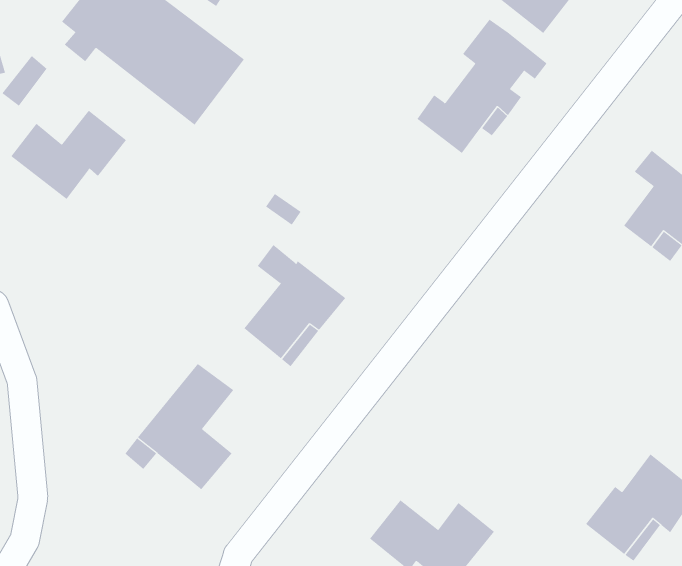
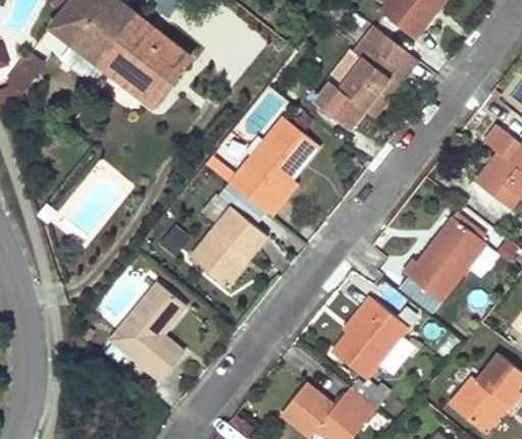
building: [11,110,127,200] -> none
building: none -> [228,116,317,215]
building: none -> [404,220,490,306]
building: none -> [332,303,409,382]

